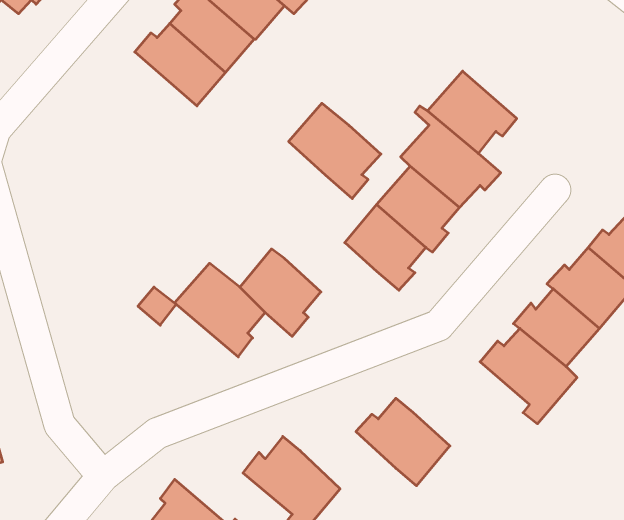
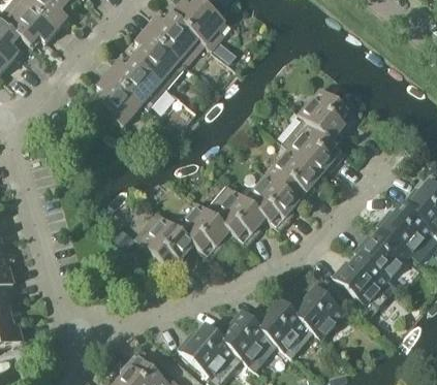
building: none -> [92,74,149,127]
building: [289,103,381,199] -> [206,184,266,246]
building: none -> [289,287,345,339]
building: none -> [216,312,278,370]

